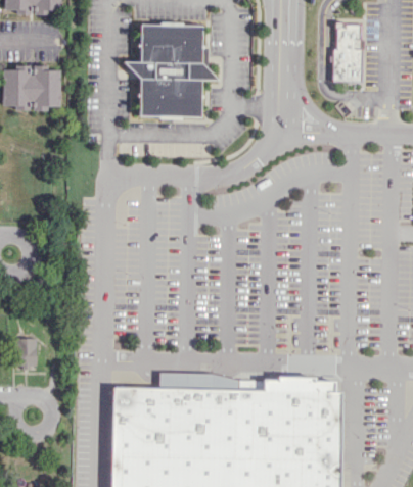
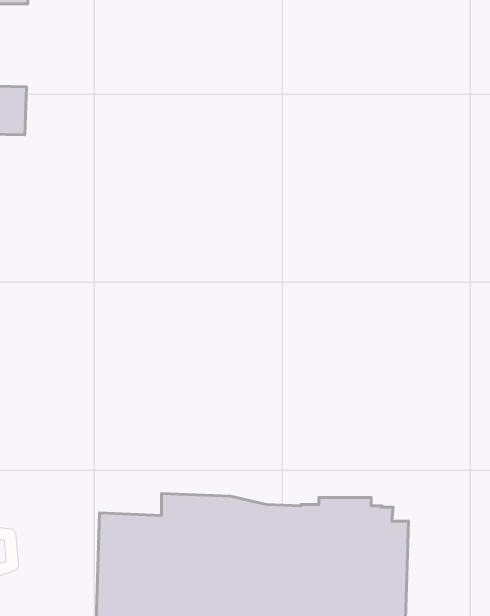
building: [335,18,365,83] -> none
building: [125,21,219,118] -> none

